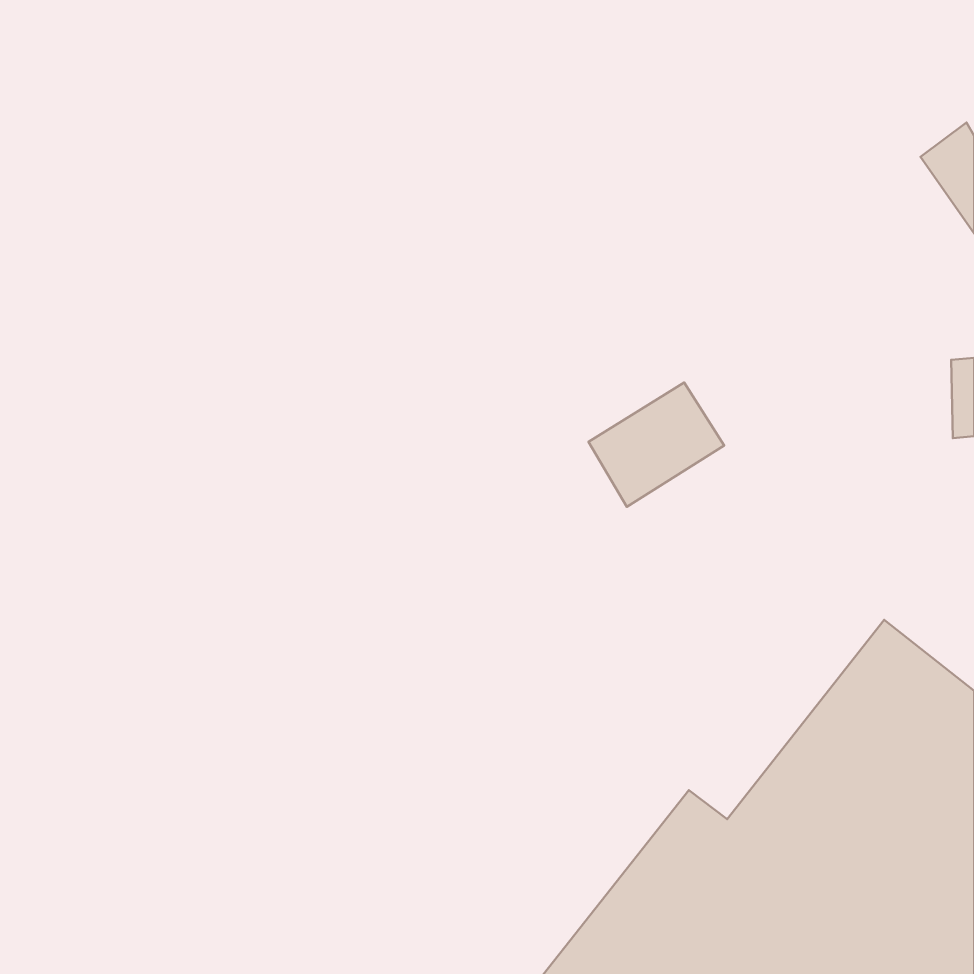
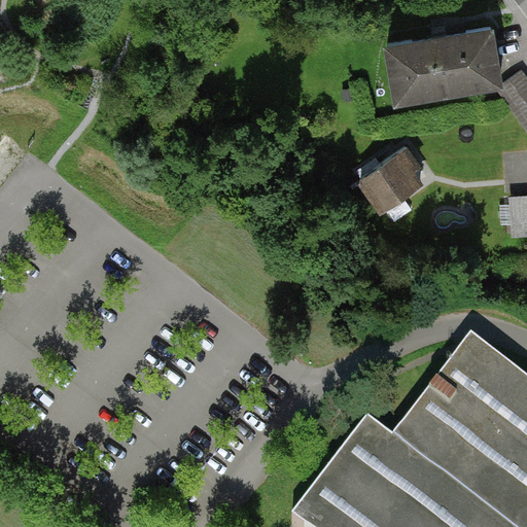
building: none -> [386,25,499,97]
building: [588,382,724,507] -> [364,146,437,213]

